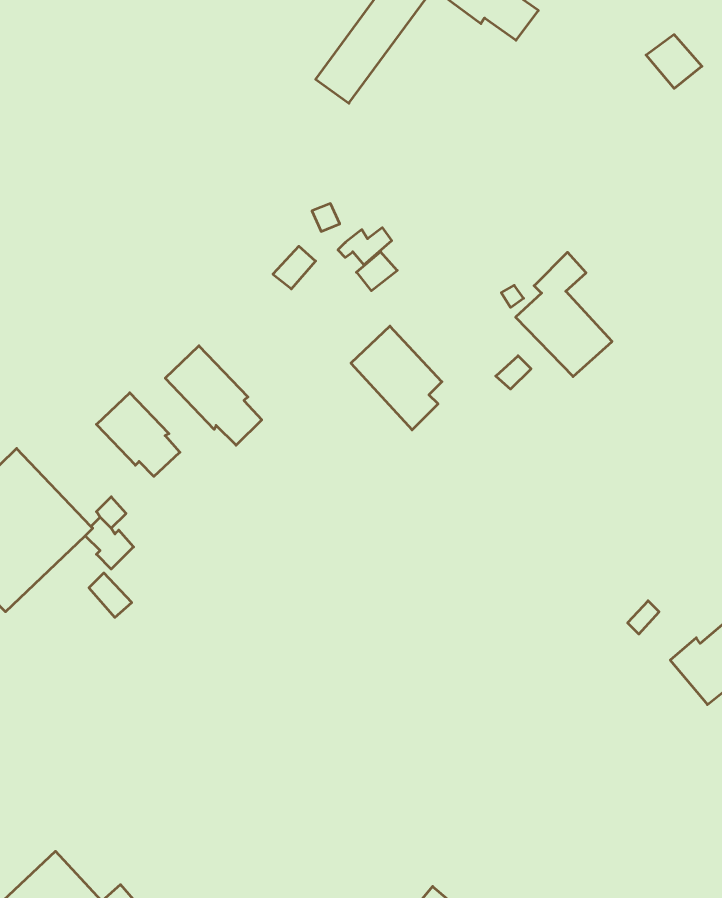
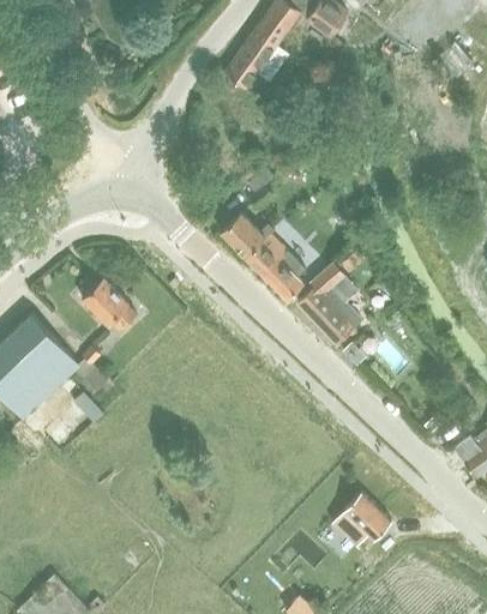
building: [516,252,612,377] -> [299,264,361,344]
building: none -> [221,215,273,259]
building: [165,346,262,445] -> none
building: none -> [331,493,390,547]

